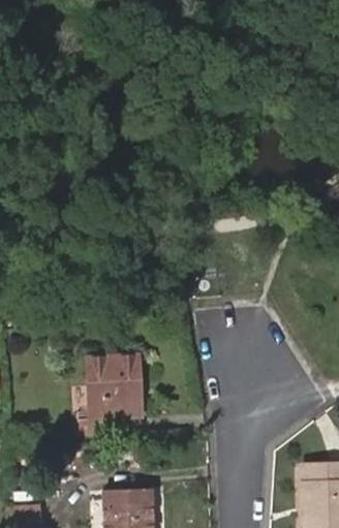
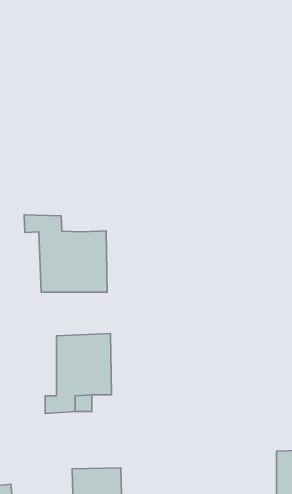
building: none -> [24,215,107,292]

